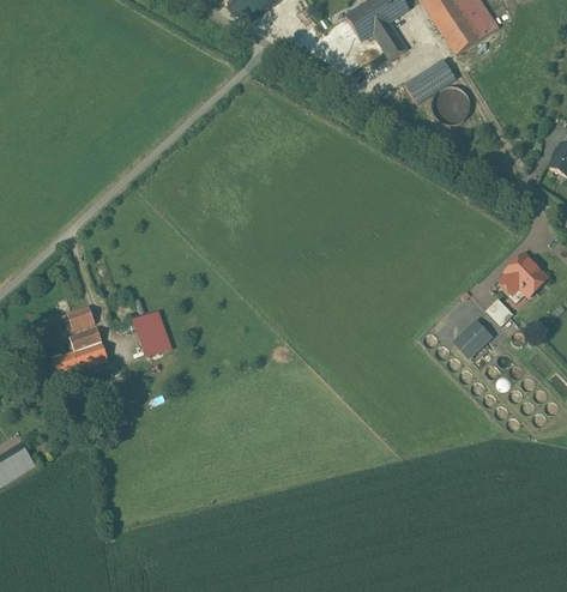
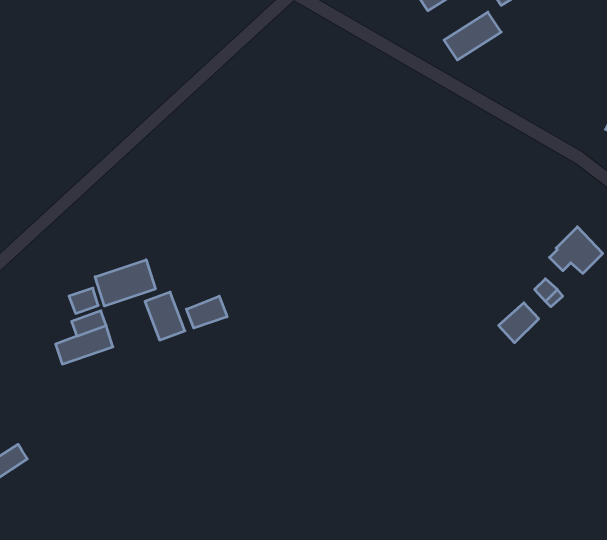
building: [432,86,470,125] -> none
building: none -> [95,260,155,306]
building: none -> [186,296,227,328]

